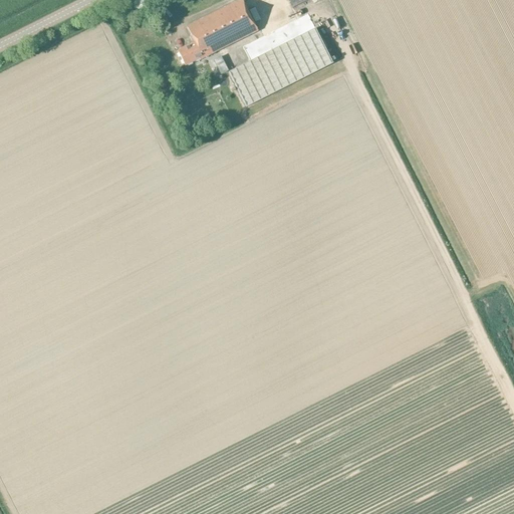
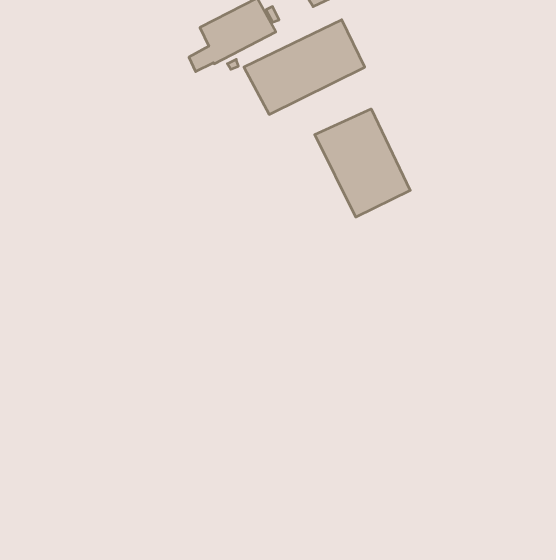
building: none -> [315,109,410,217]

